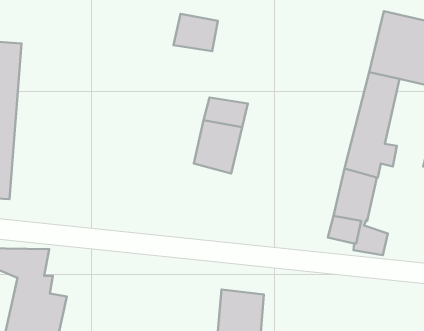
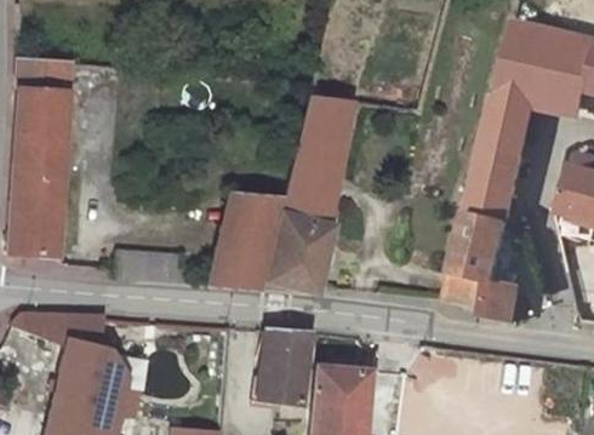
building: [174,14,218,51] -> [302,88,356,134]
building: none -> [150,189,278,290]
building: none -> [264,208,332,291]
building: none -> [262,330,310,400]

